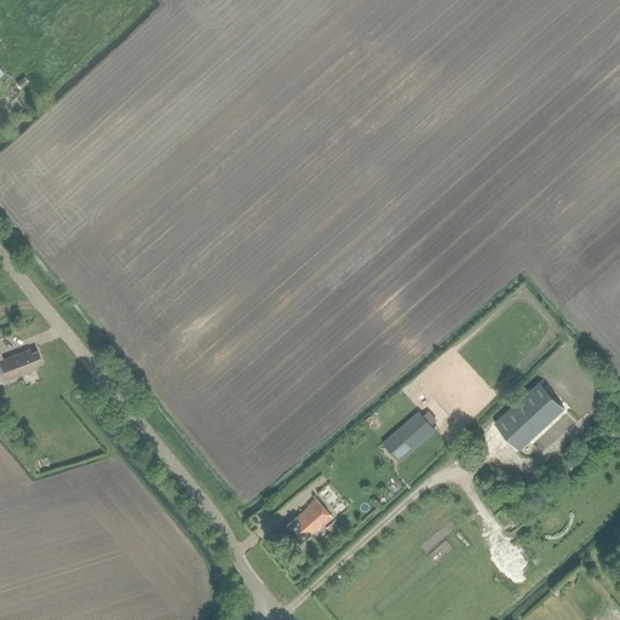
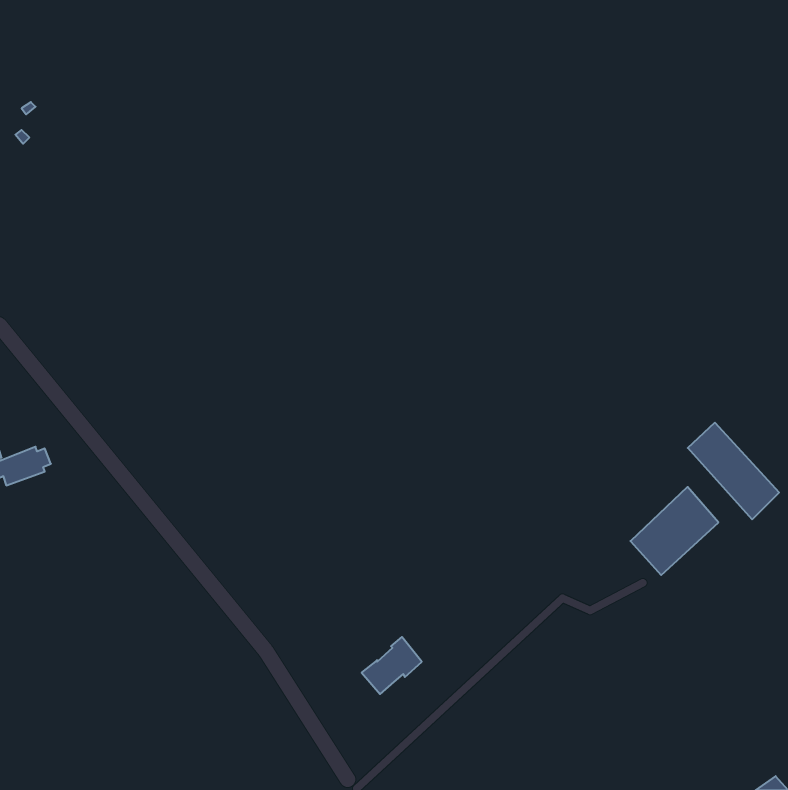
building: none -> [688,423,779,519]
building: [384,412,436,463] -> none

